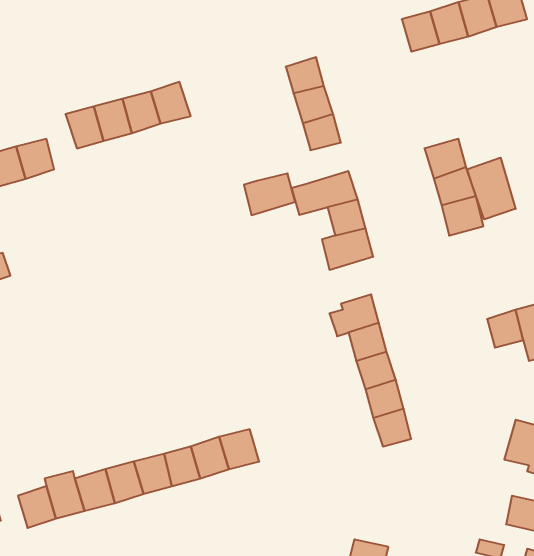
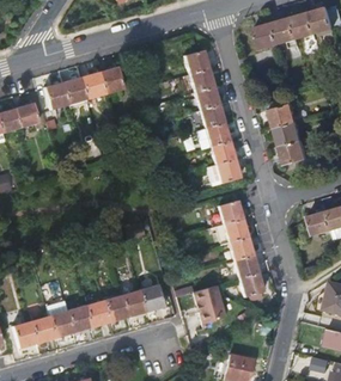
building: [467,158,516,219] -> none
building: [244,173,295,215] -> [191,105,224,131]
building: none -> [194,284,226,322]

